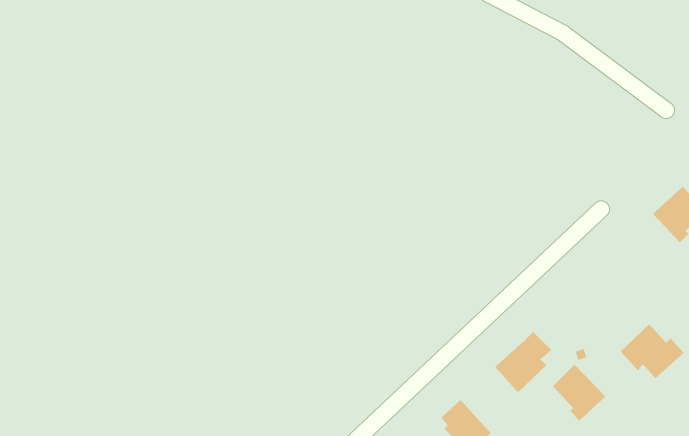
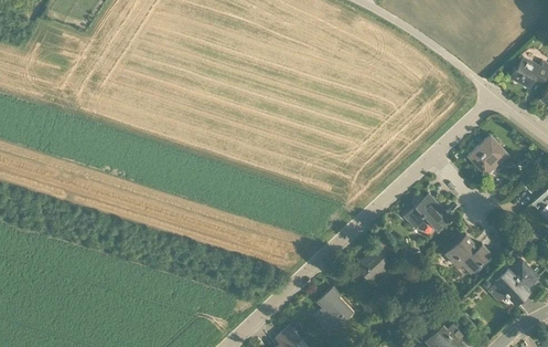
building: none -> [404,194,450,231]
building: [552,364,606,421] -> none

